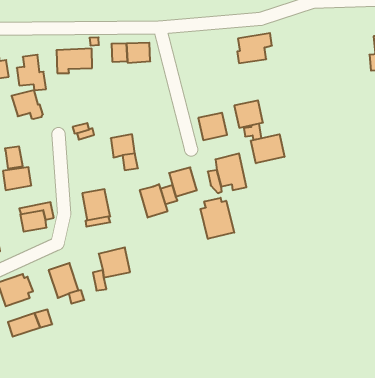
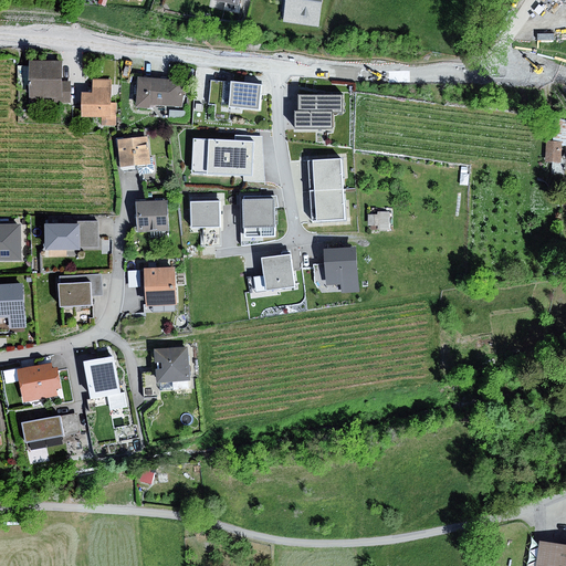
building: [237,33,272,63] -> [295,94,342,127]
building: none -> [199,139,260,180]
building: [11,90,43,119] -> [116,136,154,174]
building: [234,100,263,128] -> [307,159,342,191]
building: none -> [244,200,275,237]
building: [251,134,284,163] -> none
building: none -> [136,200,169,231]
building: [5,146,23,168] -> [78,220,98,247]
building: [140,184,167,218] -> none
building: [200,198,234,239] -> none

